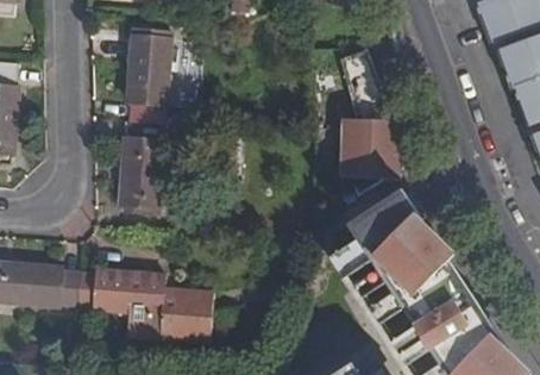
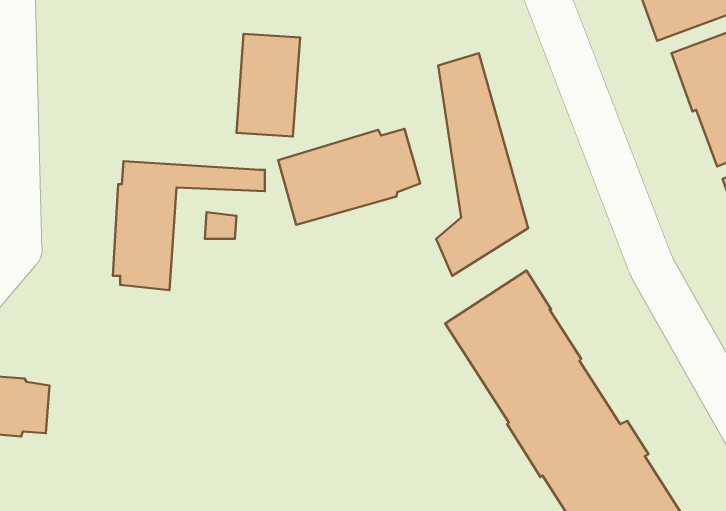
building: [127,31,170,100] -> [236,34,300,136]
building: none -> [278,129,420,225]
building: [76,267,212,339] -> none

